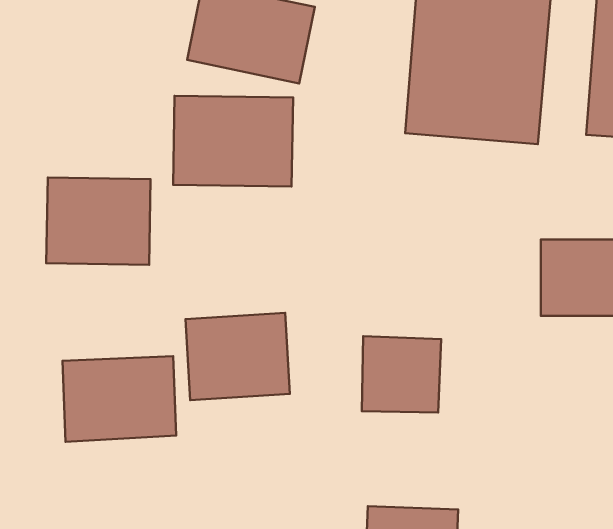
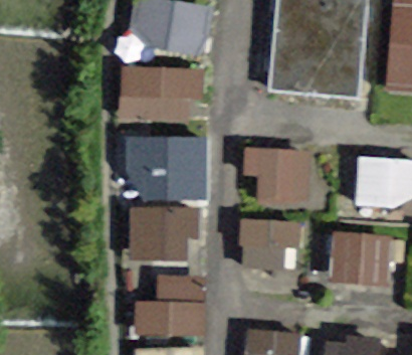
building: [46,177,151,265] -> [142,137,209,193]
building: none -> [251,147,310,205]
building: [62,356,176,442] -> [132,283,205,338]
building: none -> [330,233,398,285]

